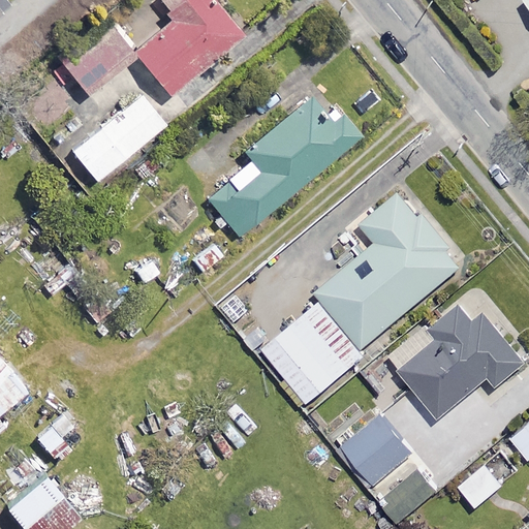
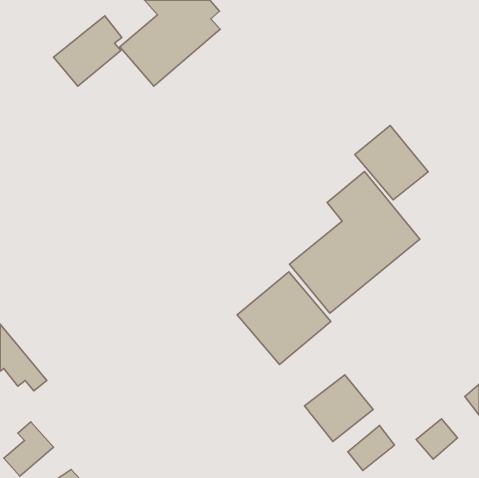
building: [70,95,164,181] -> none
building: [206,101,356,236] -> none
building: none -> [355,125,428,200]
building: [402,306,524,417] -> none

